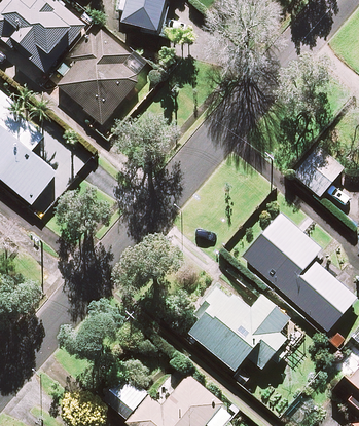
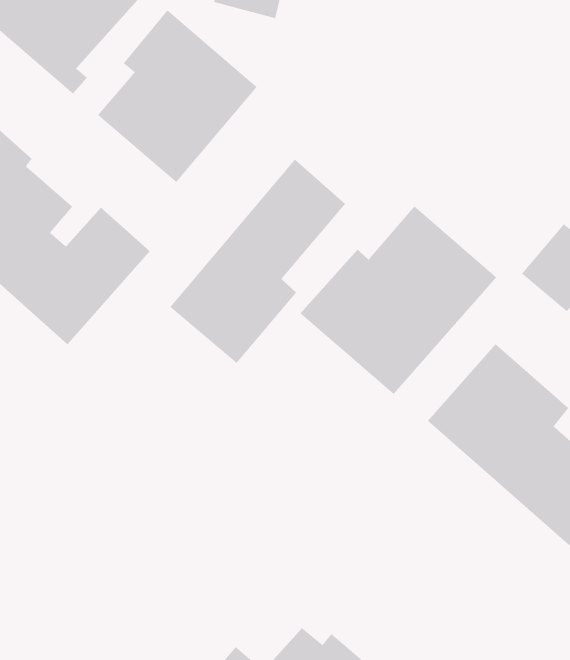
building: none -> [169,159,346,364]
building: none -> [300,206,497,395]
building: [189,288,289,372] -> none

